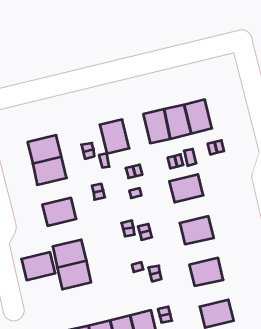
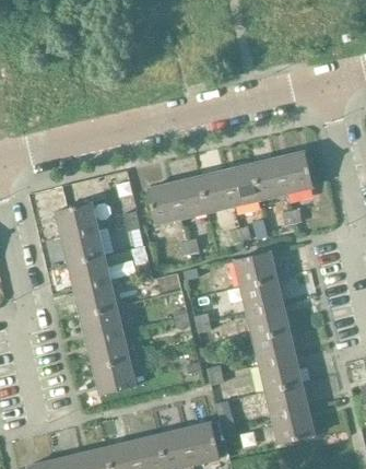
building: none -> [278,150,312,192]
building: none -> [174,175,209,218]
building: none -> [67,255,109,289]
building: none -> [239,277,282,312]
building: none -> [252,330,294,364]
building: [21,252,55,280] -> [80,306,122,341]
building: none -> [264,383,307,417]

